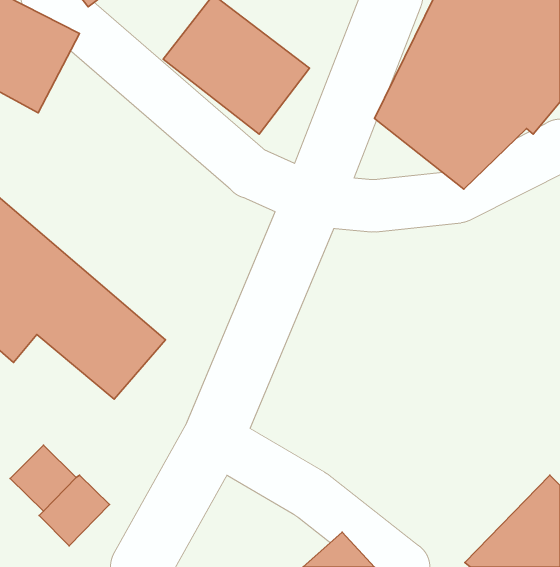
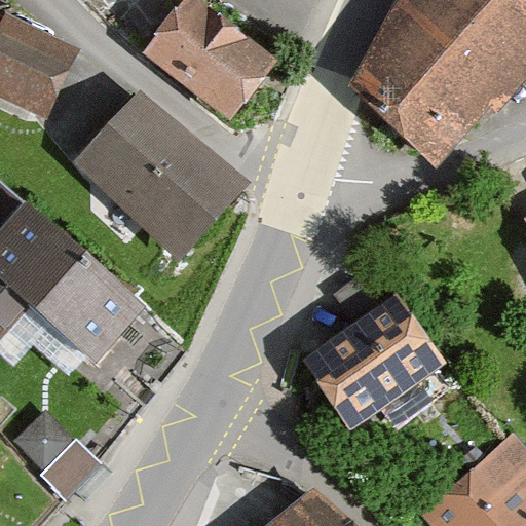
building: none -> [58,92,225,252]
building: none -> [309,297,447,427]

